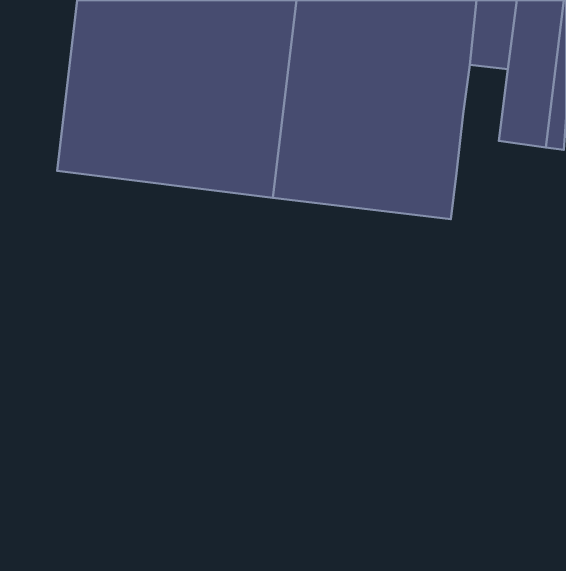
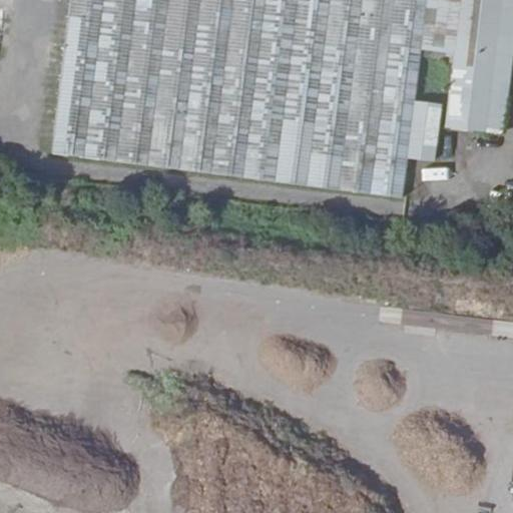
building: none -> [409,102,443,158]

